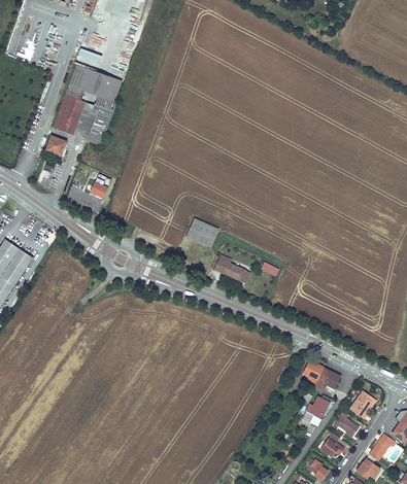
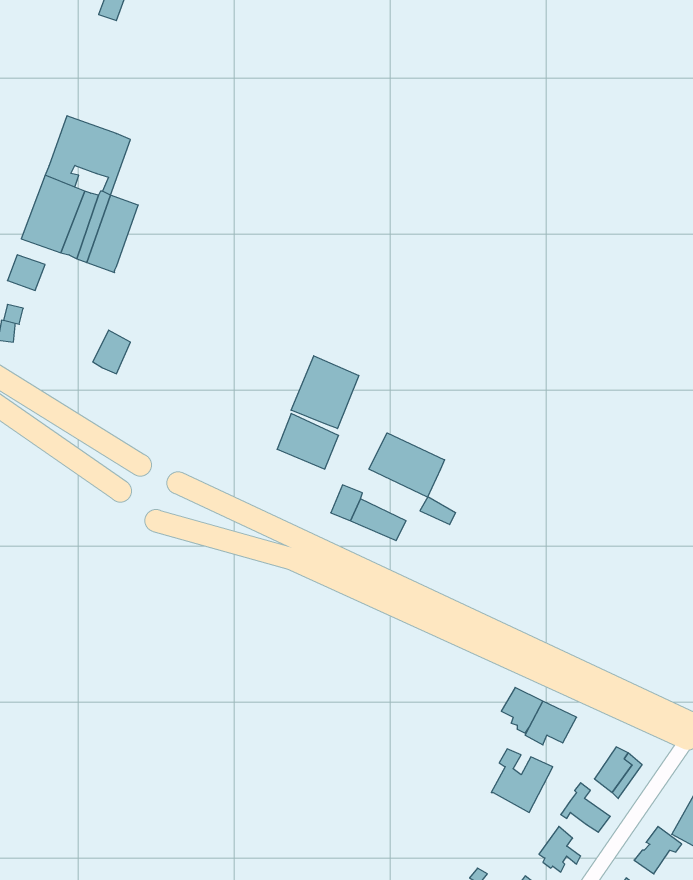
building: [99,76,121,110] -> none
building: none -> [291,356,359,429]
building: none -> [369,433,445,497]

